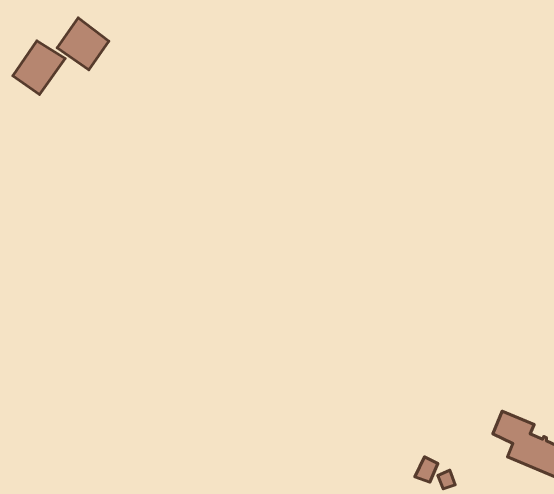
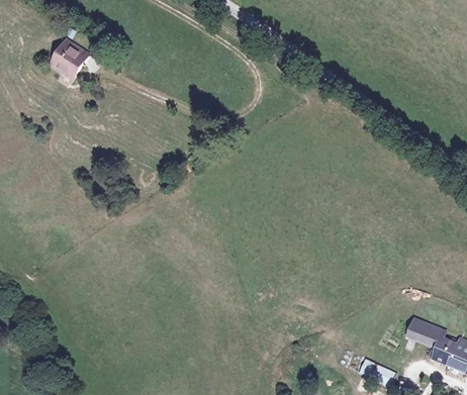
building: [57,18,109,70] -> none

